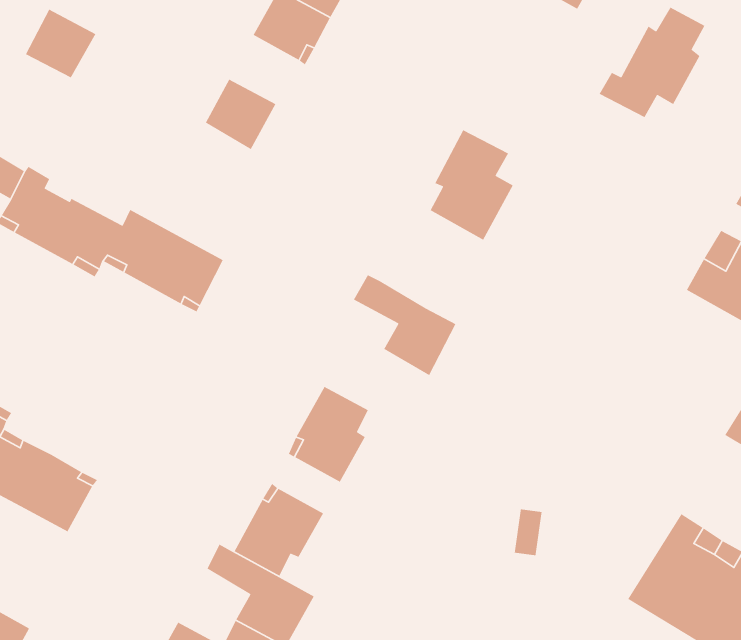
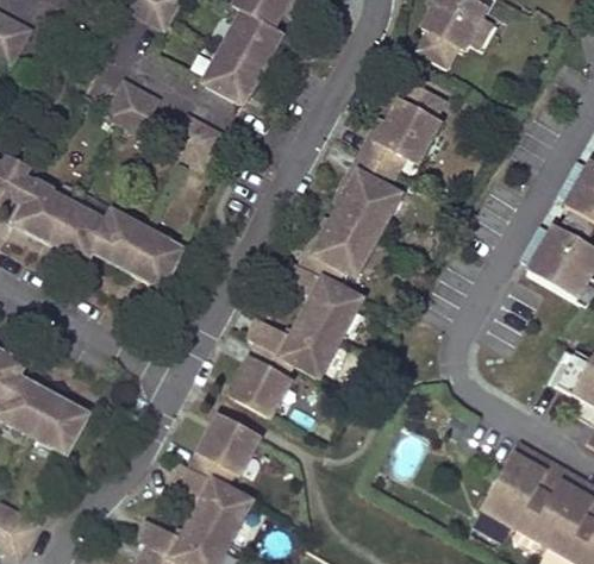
building: [599,7,705,118] -> [361,87,440,170]
building: [25,8,97,78] -> [106,81,160,133]
building: none -> [299,213,376,286]
building: none -> [246,317,336,375]

